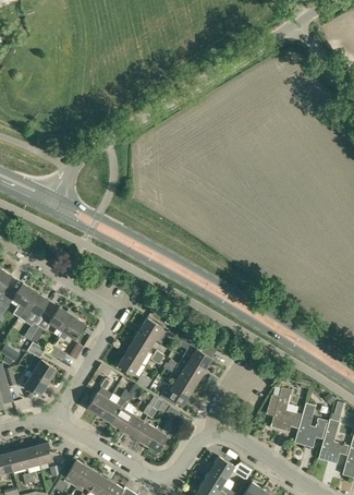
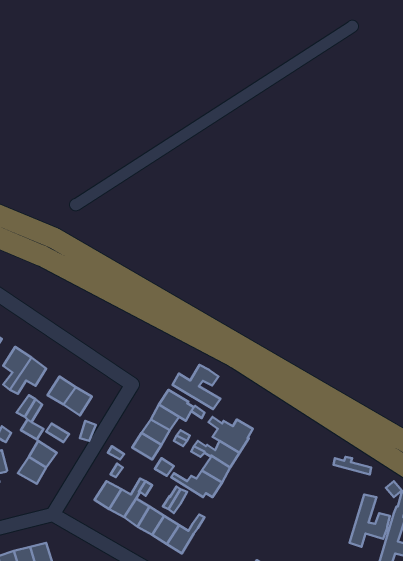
building: none -> [173,365,220,409]
building: [266,387,301,430] -> none

